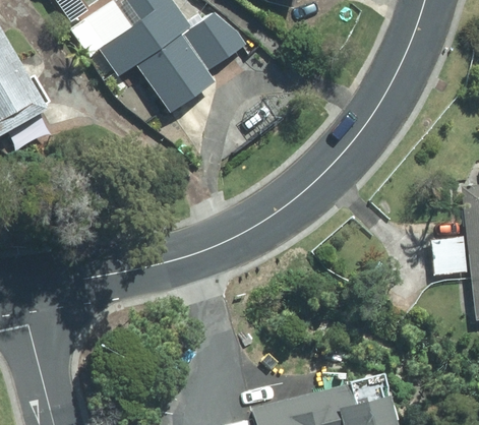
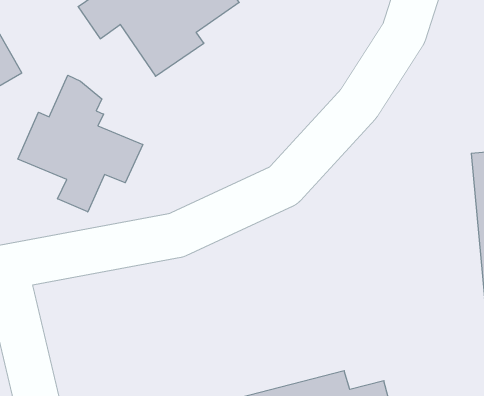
building: none -> [18,75,143,212]

